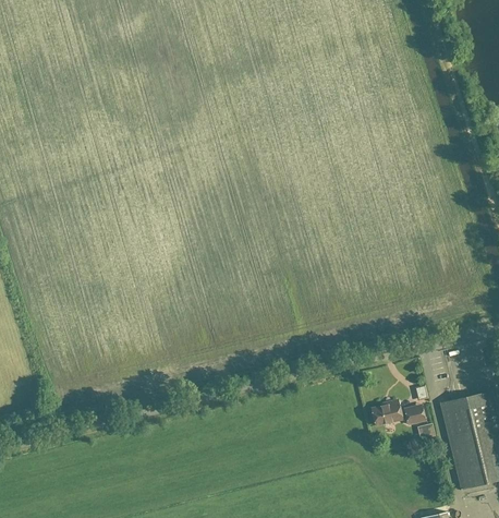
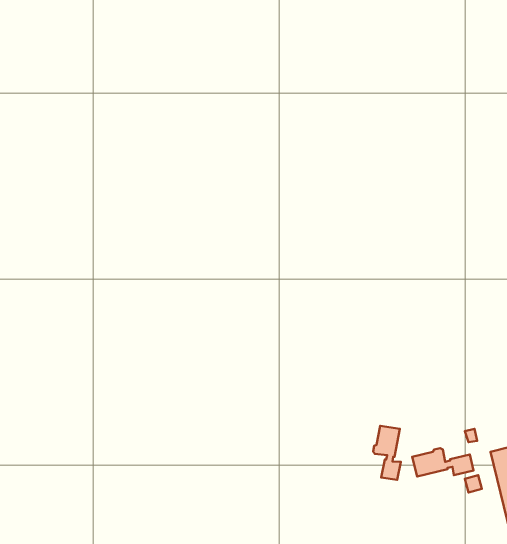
building: none -> [373,426,401,480]

